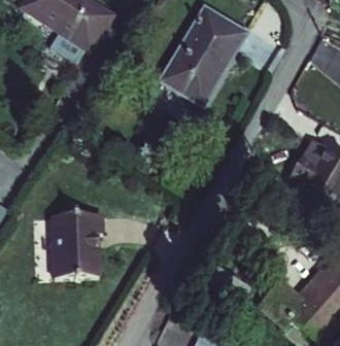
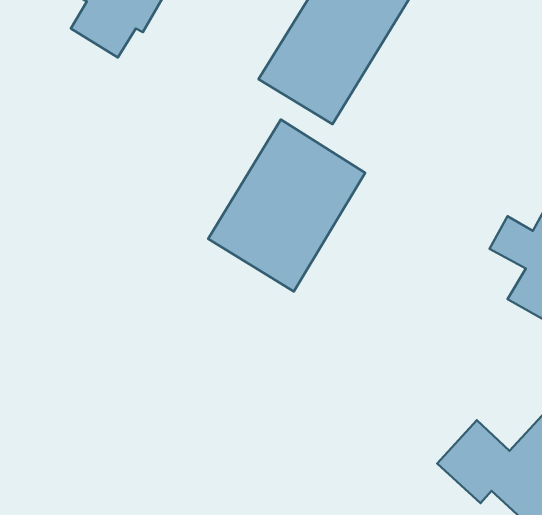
building: none -> [208,120,365,292]
building: [57,214,110,279] -> none

